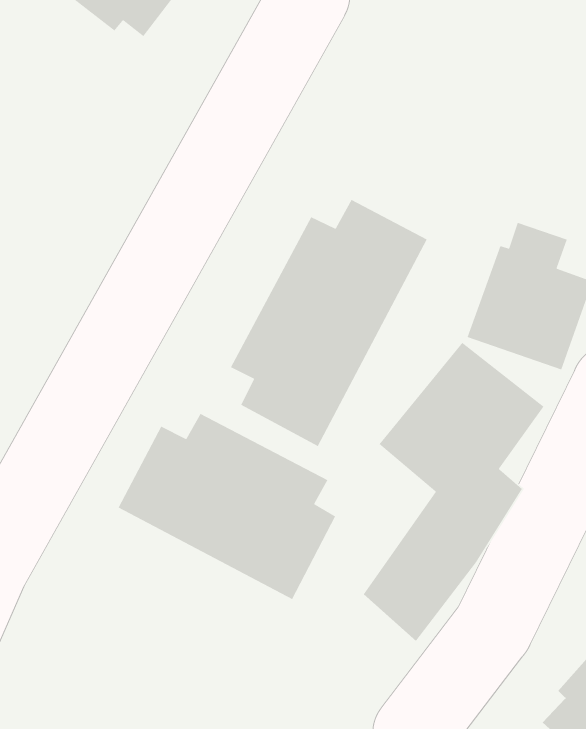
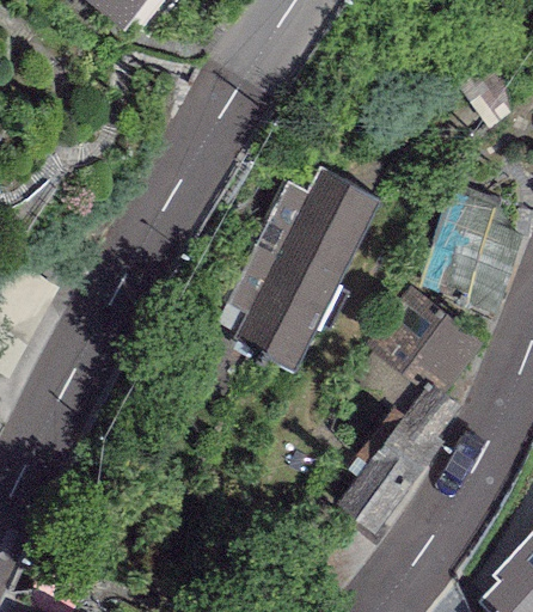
building: [117,413,336,600] -> none

